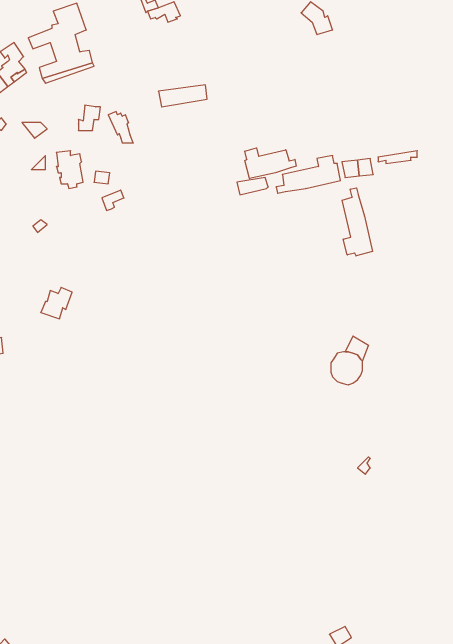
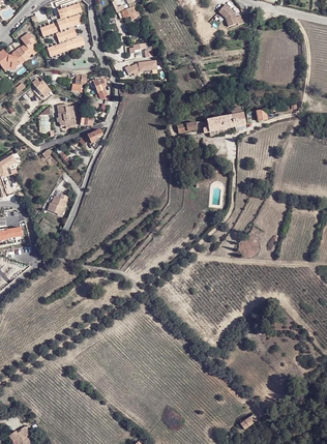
building: [245,148,296,179] -> none
building: [342,188,372,256] -> none

